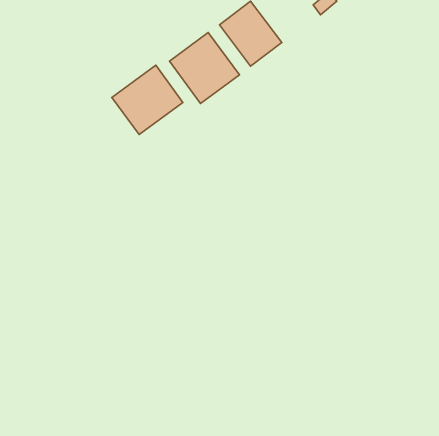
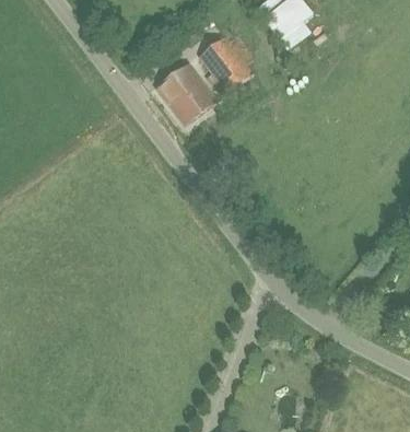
building: [112,65,183,135] -> none

